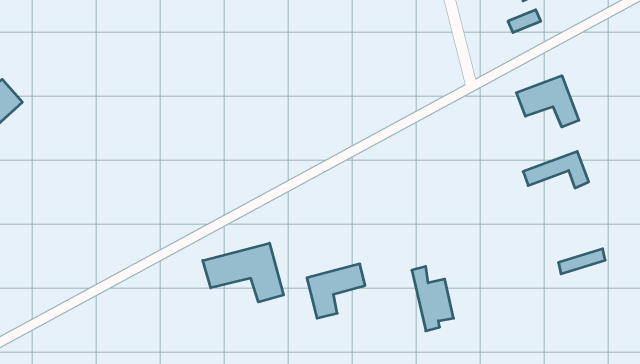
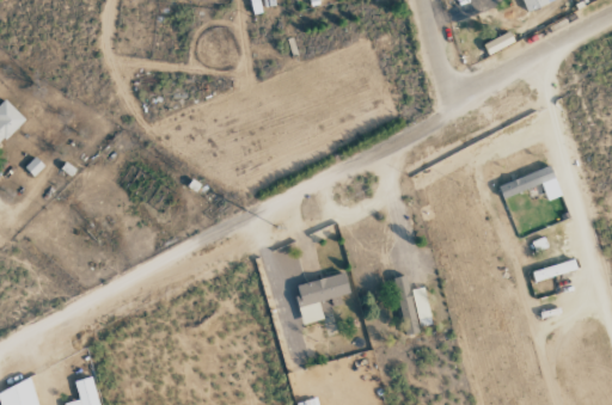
building: [516,76,579,127] -> none
building: [203,243,284,302] -> none

